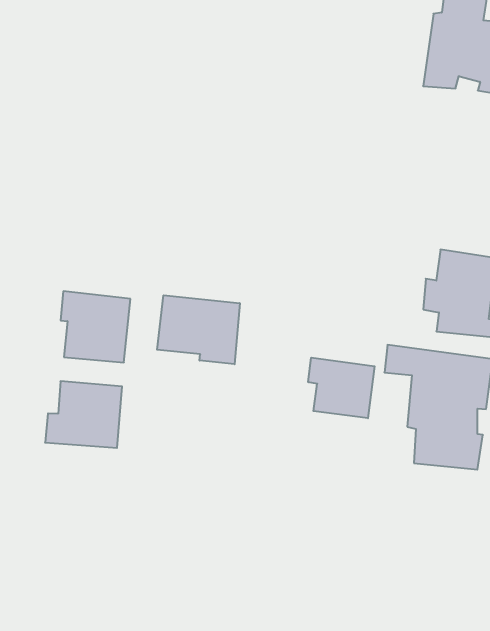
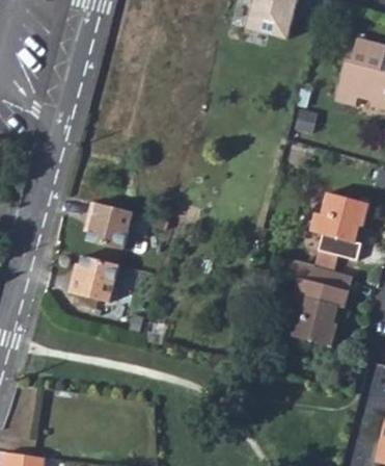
building: [157,295,240,364] -> none
building: [308,358,375,418] -> none

